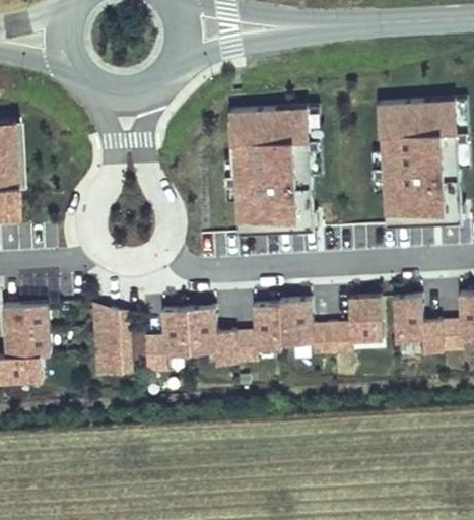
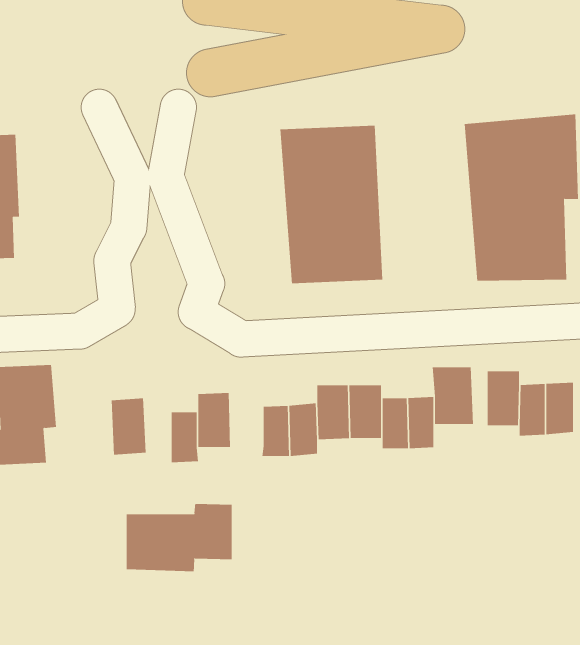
building: [189,318,215,362] -> none
building: none -> [126,503,232,572]

